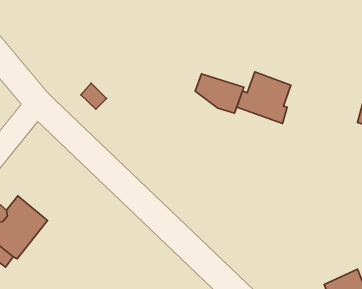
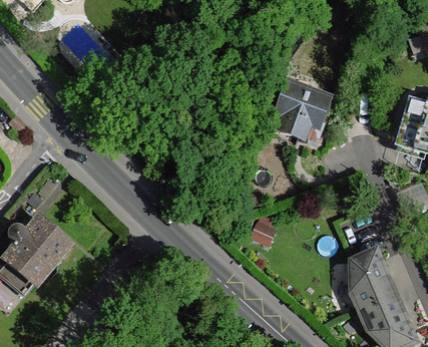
building: [195,74,244,113] -> none
building: none -> [351,251,396,312]

